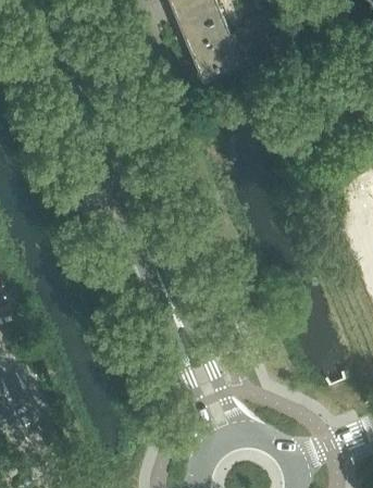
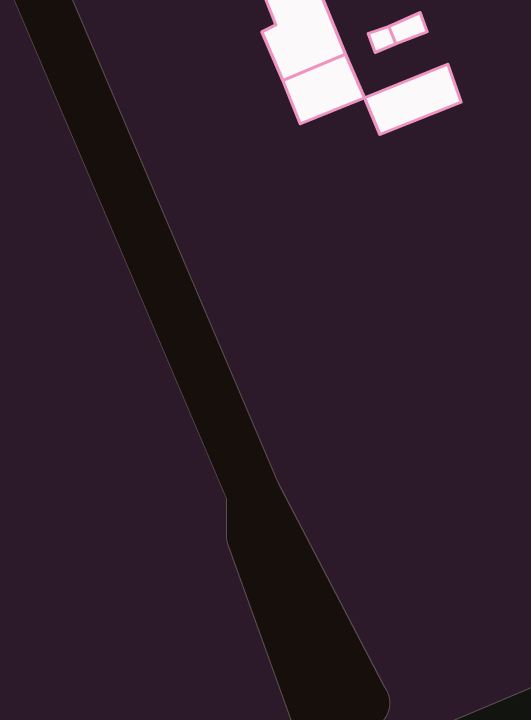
building: none -> [365,64,461,135]

